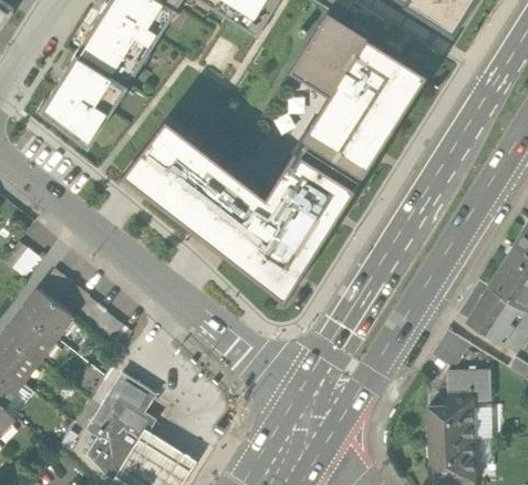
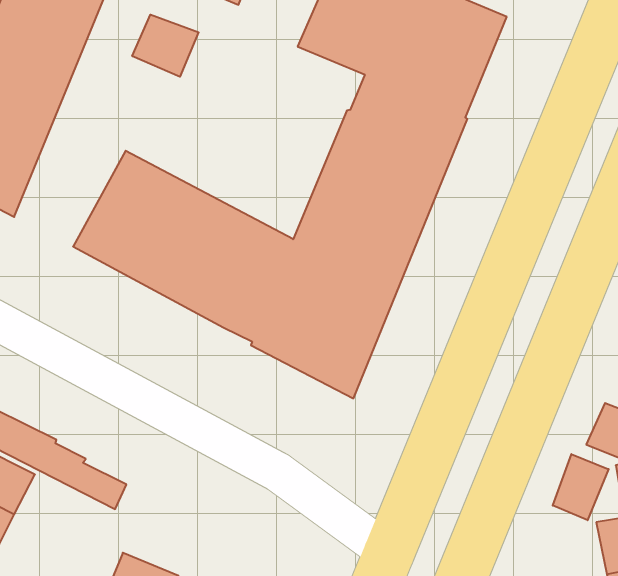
building: none -> [132,15,199,77]
building: none -> [553,454,609,520]

